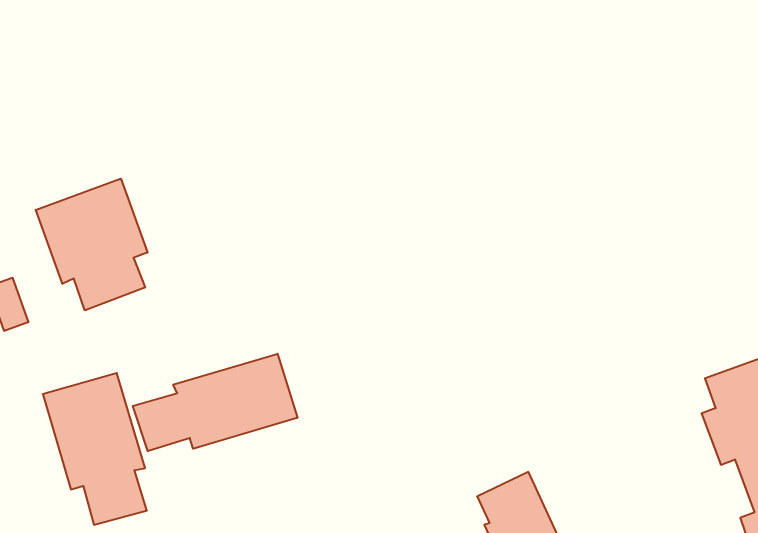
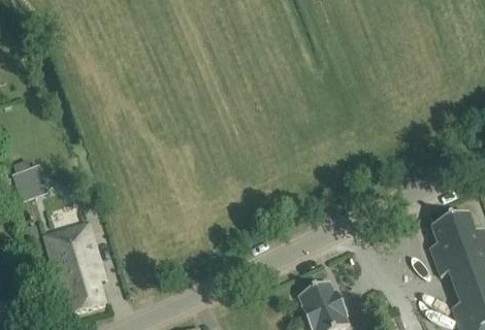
building: [36,179,148,310] -> none
building: [133,354,297,451] -> none

